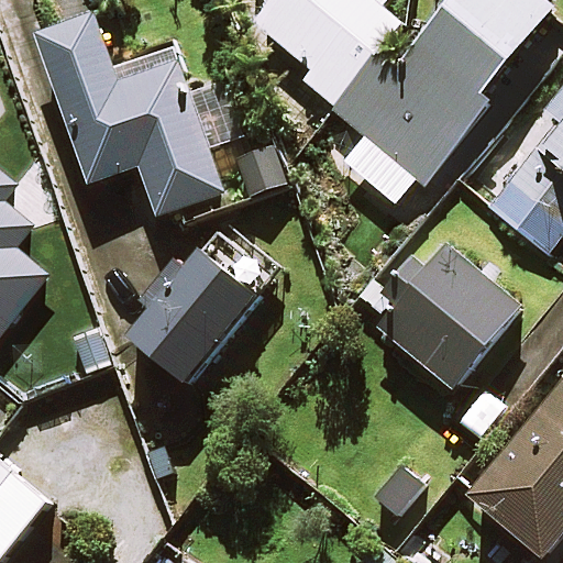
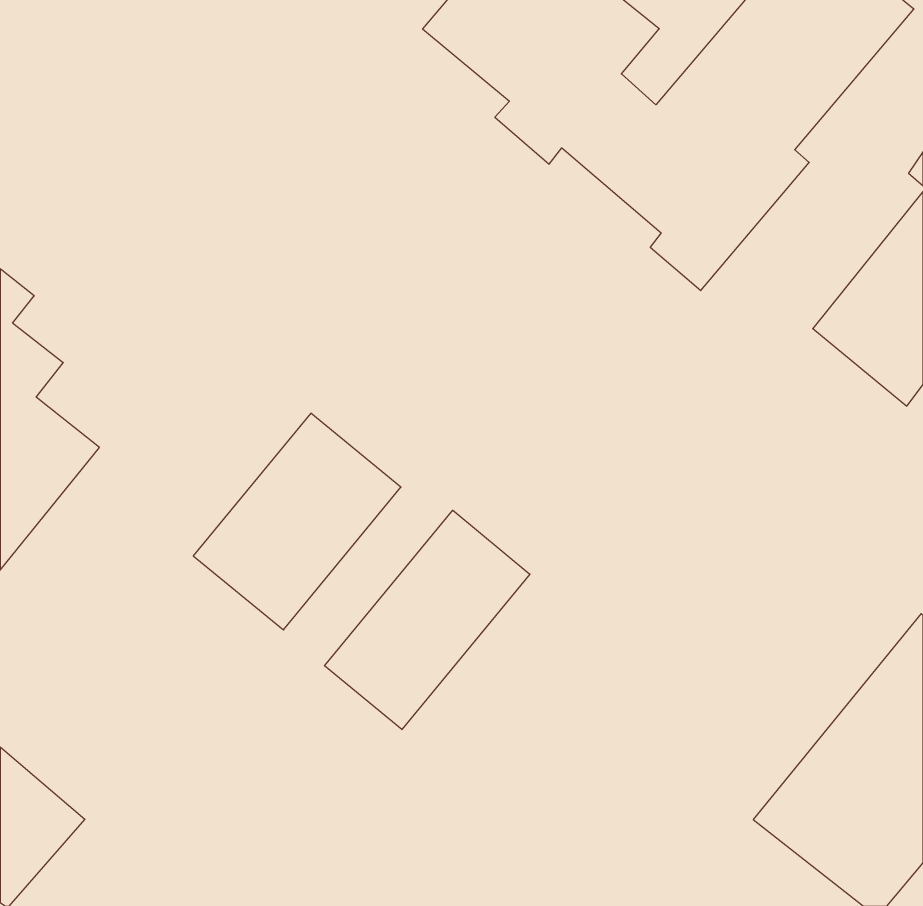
building: [32,15,245,214] -> none
building: [375,249,521,389] -> none
building: none -> [325,510,530,730]

